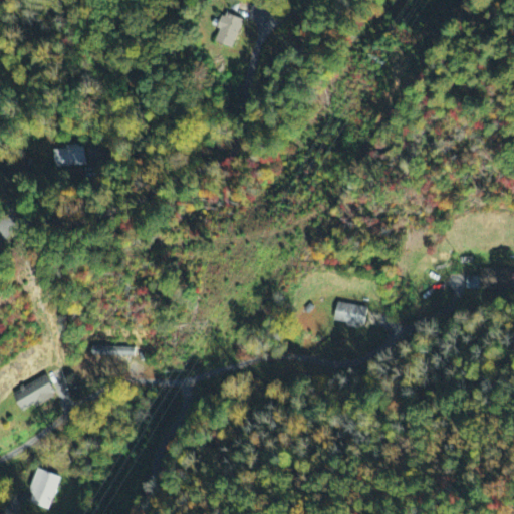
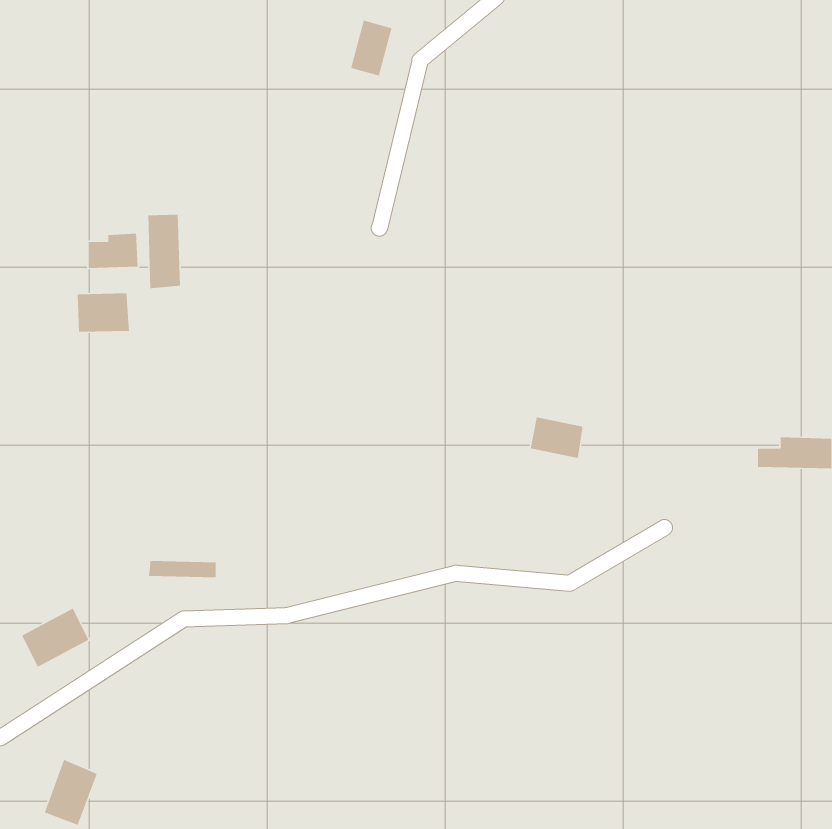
building: none -> [148,214,181,289]
building: none -> [77,292,130,333]
building: [334,301,367,327] -> [530,416,583,459]

